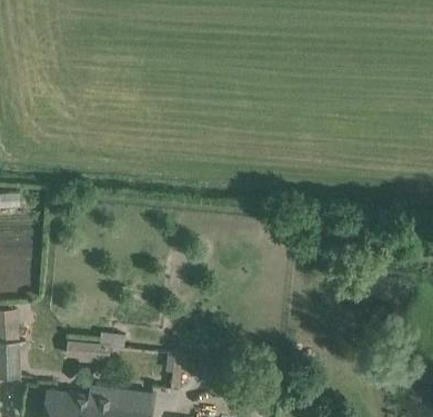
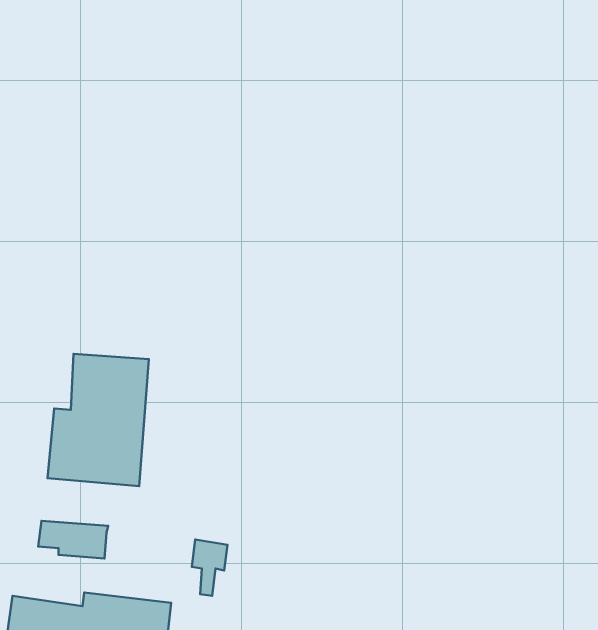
building: none -> [48,354,149,486]

